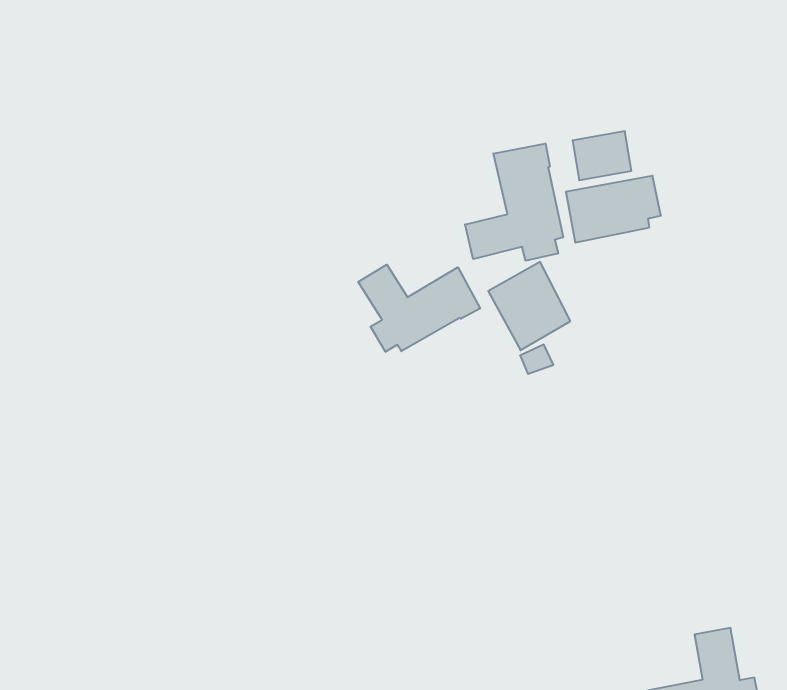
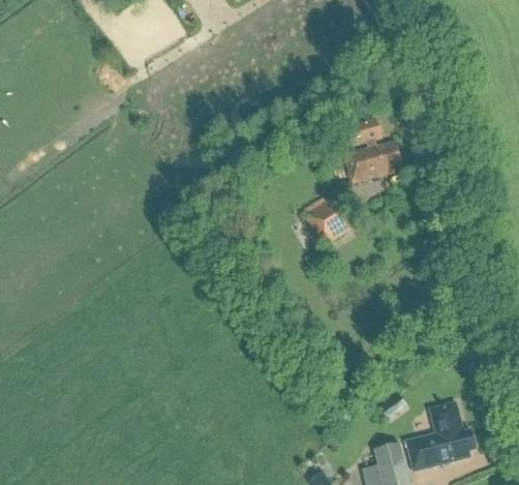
building: [465,144,563,261] -> none
building: [358,265,480,352] -> none

